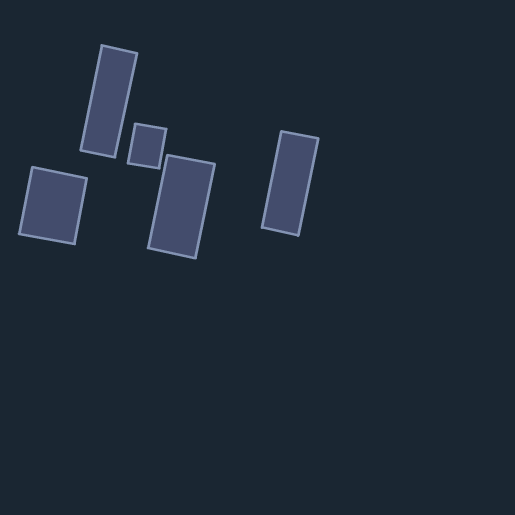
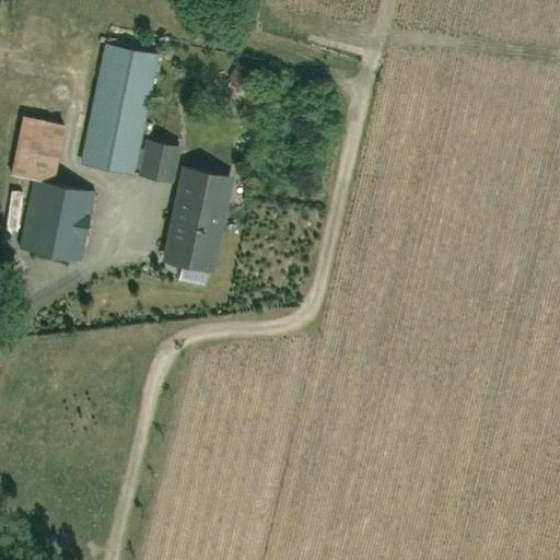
building: none -> [11,116,59,177]
building: [262,131,318,236] -> none

